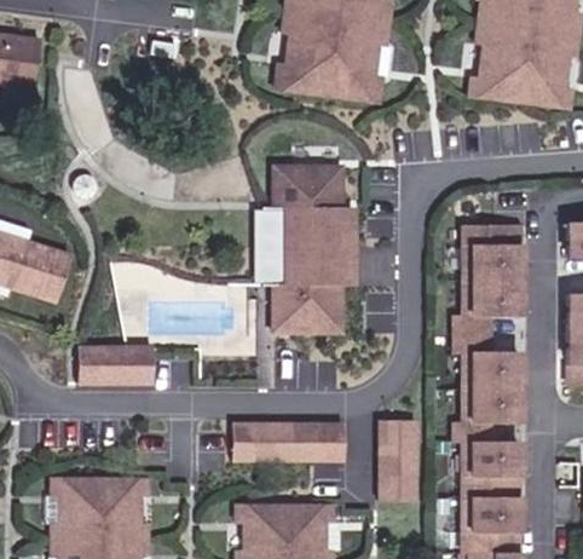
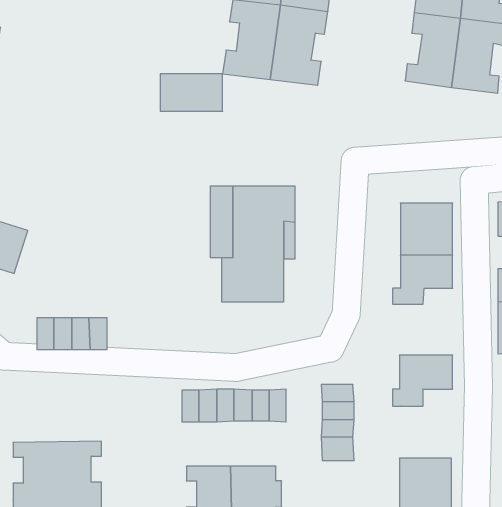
building: [275,166,341,206] -> [160,74,223,111]
building: [457,332,521,386] -> none
building: [464,440,521,496] -> none

